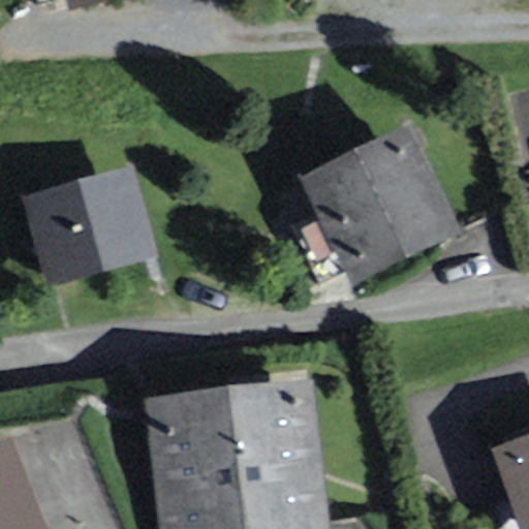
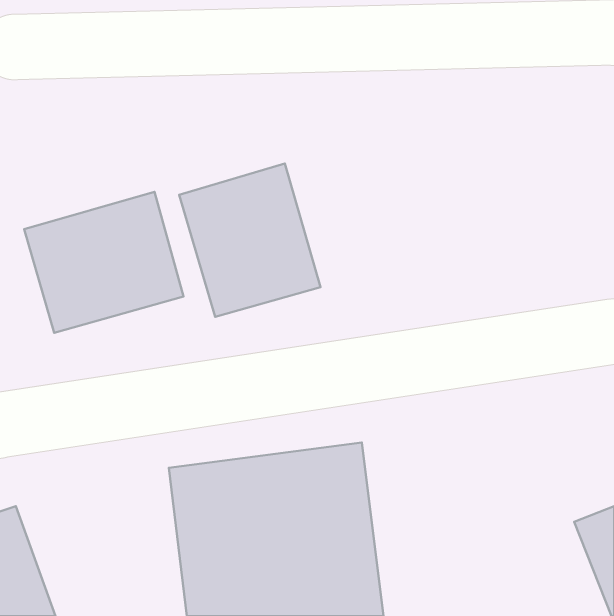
building: [299,123,460,283] -> none
building: none -> [179,164,320,317]

